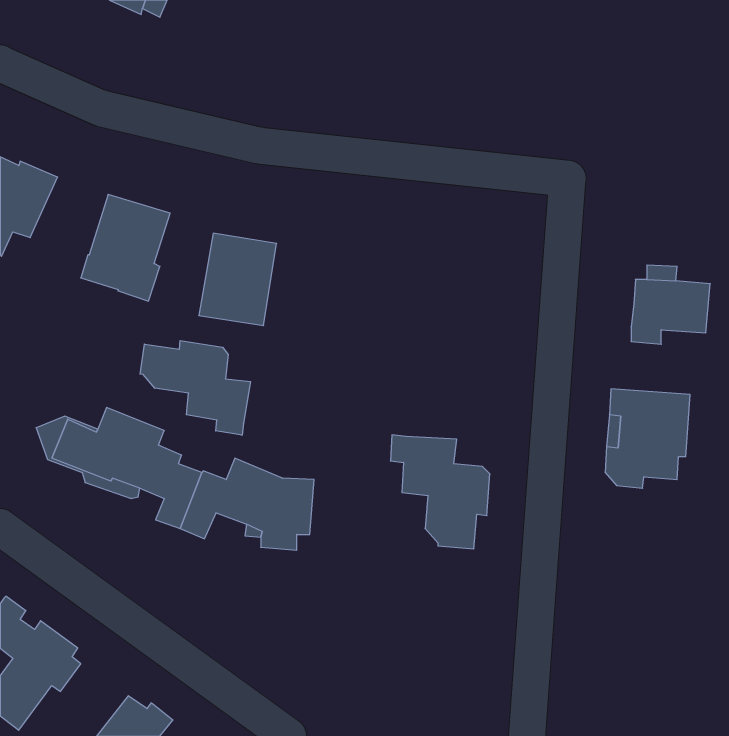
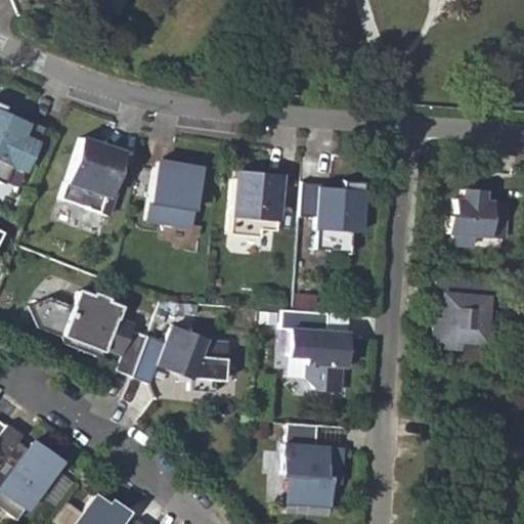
building: none -> [231,172,282,236]
building: none -> [301,180,364,252]
building: [140,341,251,435] -> none
building: none -> [282,423,345,506]

